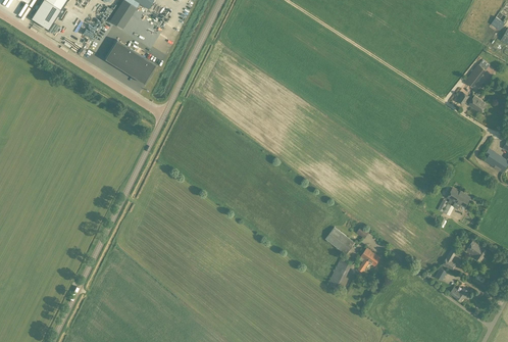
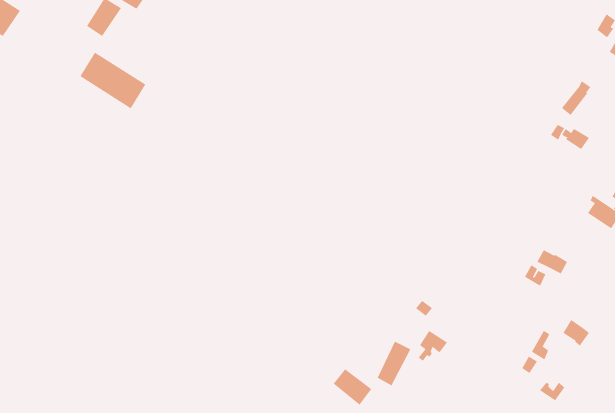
building: [324,227,354,254] -> [333,369,372,405]

